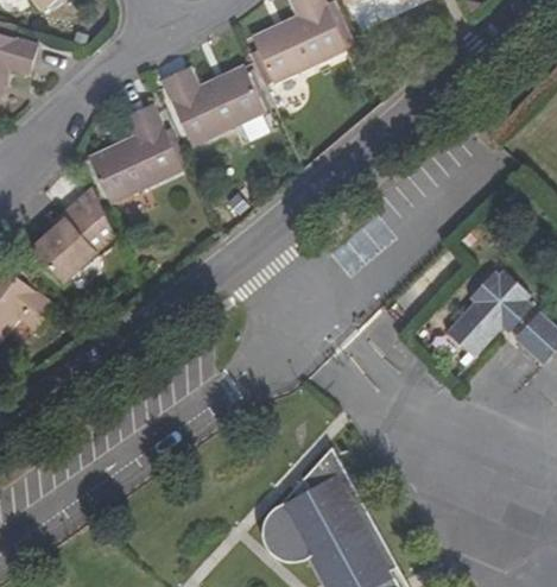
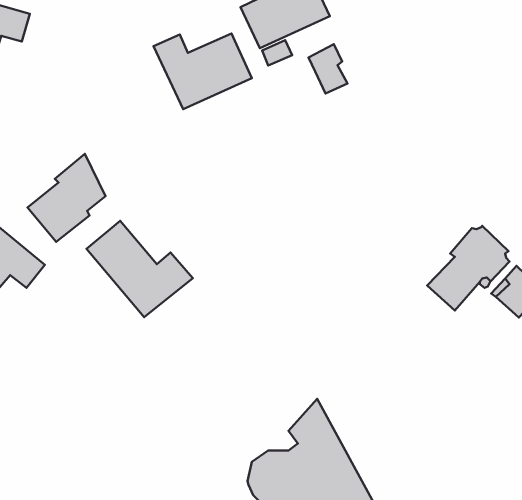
building: none -> [309,44,348,94]
building: [87,103,179,202] -> none
building: none -> [86,221,193,317]

